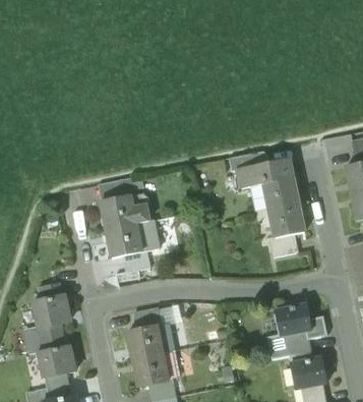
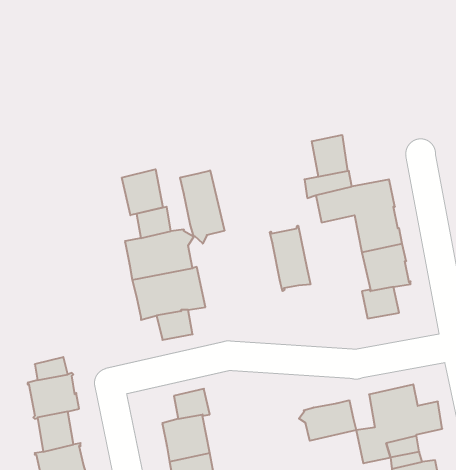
building: none -> [312,135,347,177]
building: none -> [122,169,163,215]
building: none -> [180,170,224,244]
building: none -> [270,226,310,291]
building: none -> [299,400,356,441]

